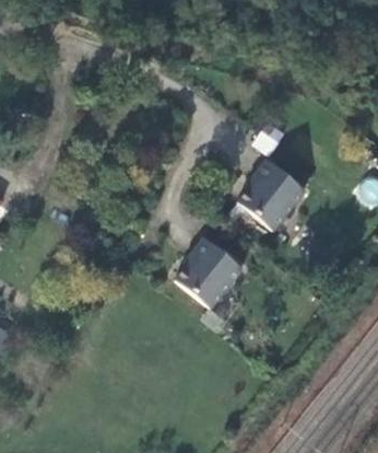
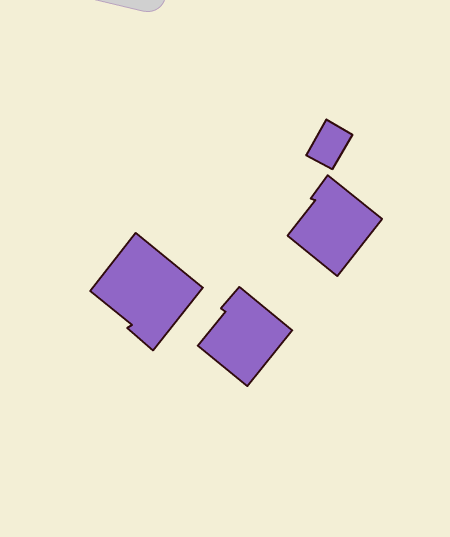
building: none -> [90,233,203,350]

